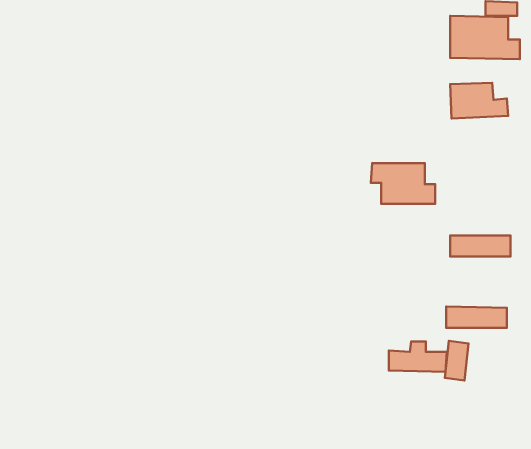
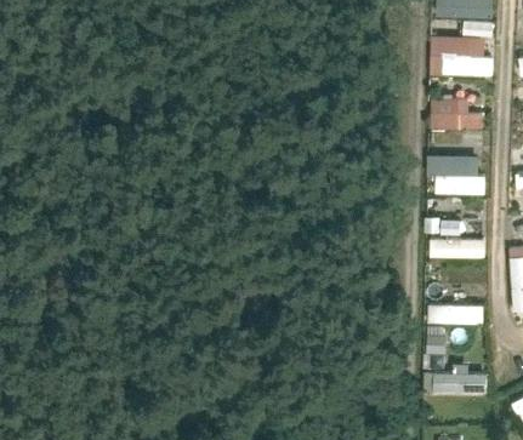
building: [371,163,435,204] -> [427,156,487,194]
building: [389,341,447,372] -> [433,365,487,393]

